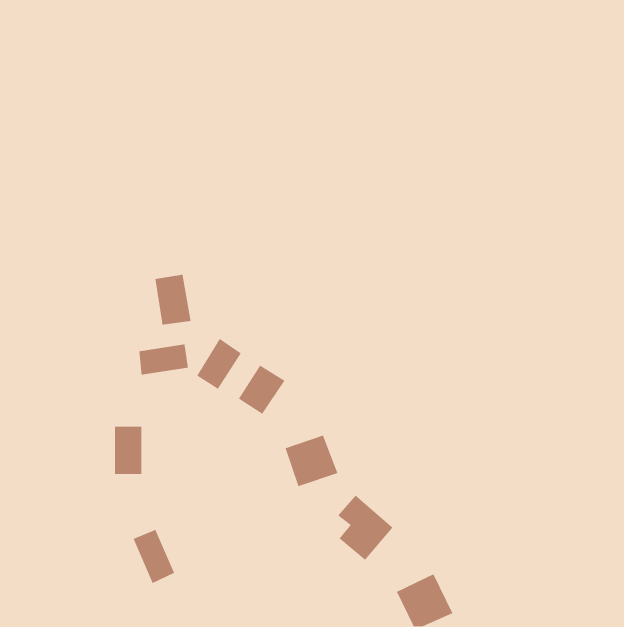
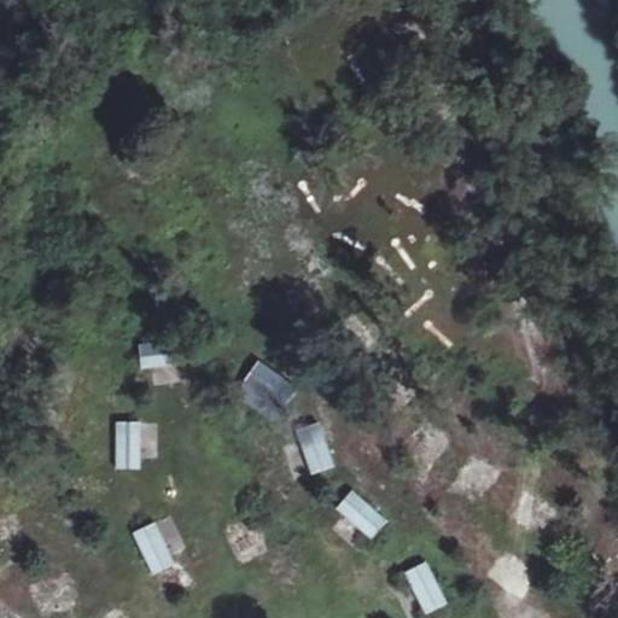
building: [155,274,192,326] -> none
building: [196,338,242,390] -> none

